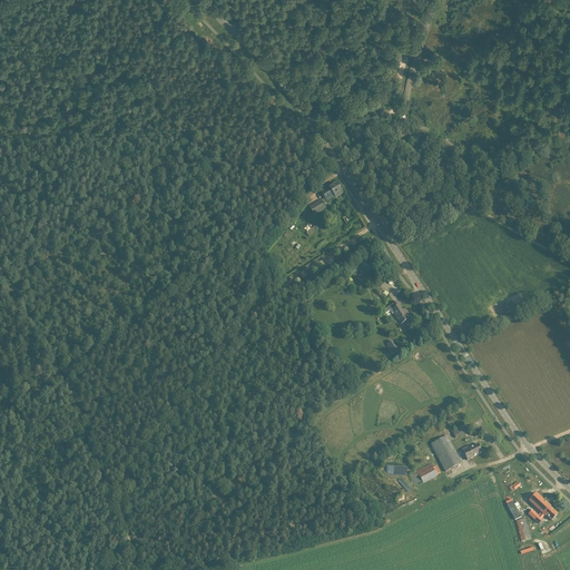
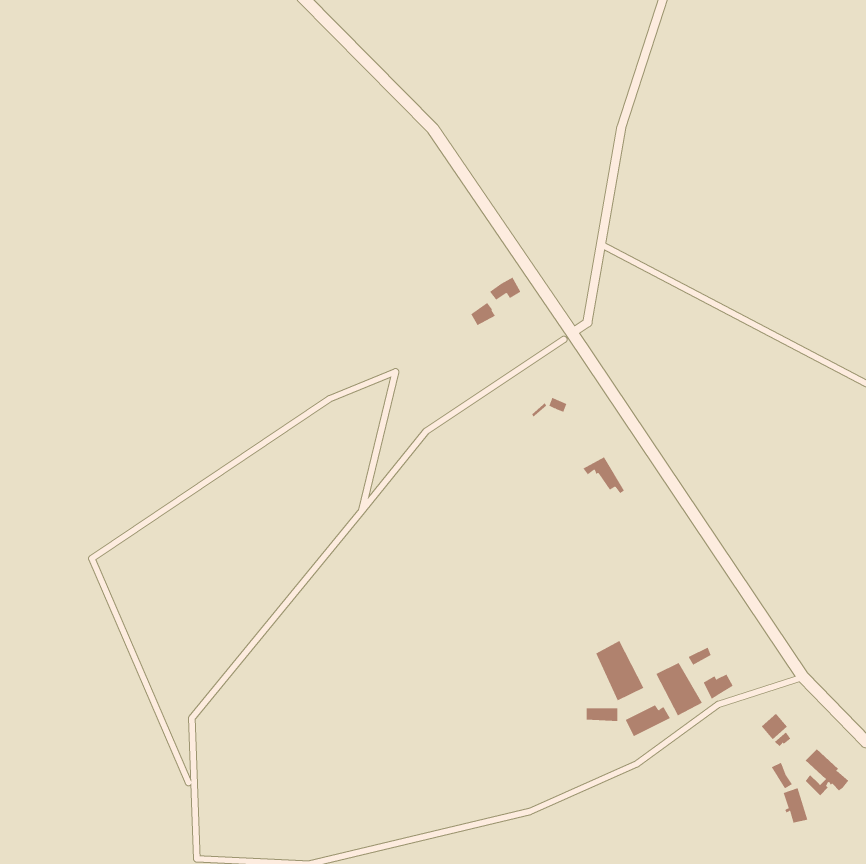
building: none -> [596,640,644,701]

